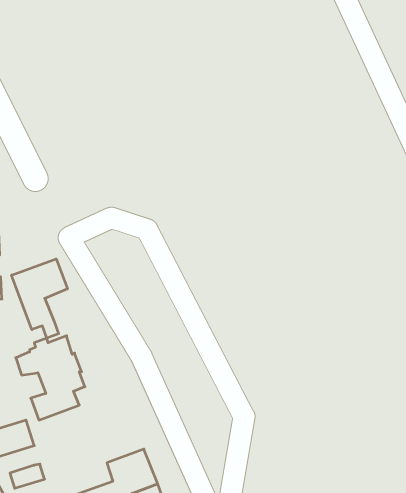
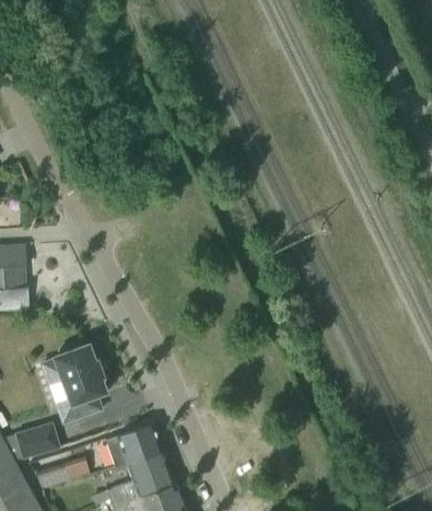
building: [12,259,67,338] -> none
building: none -> [105,423,163,468]

